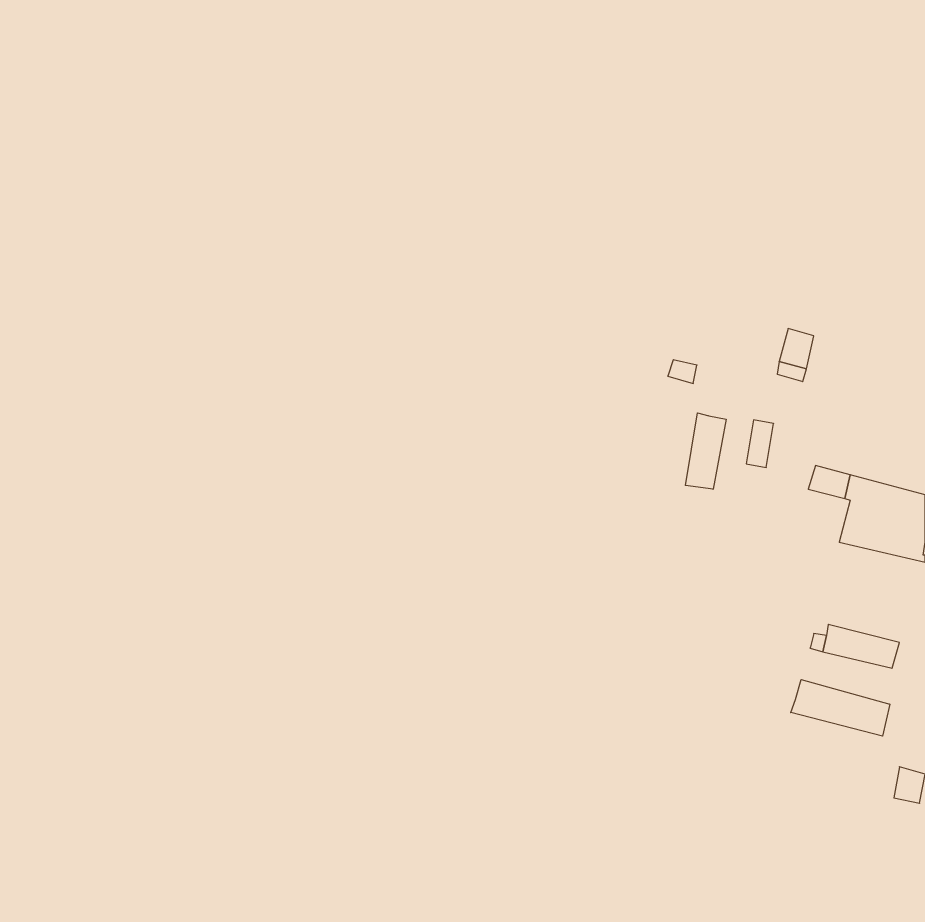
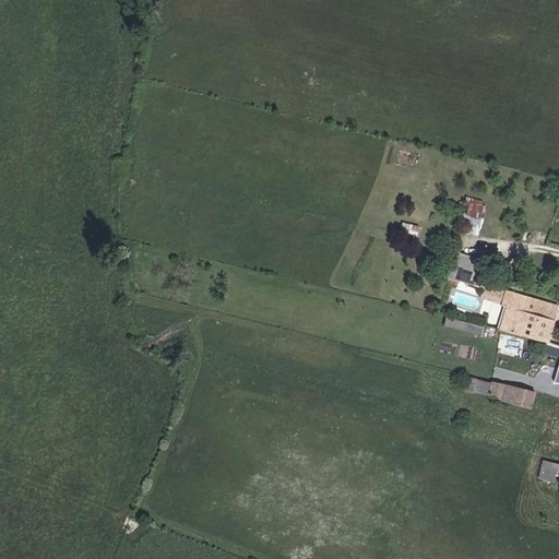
building: [685,413,726,489] -> none
building: [791,680,890,736] -> none

